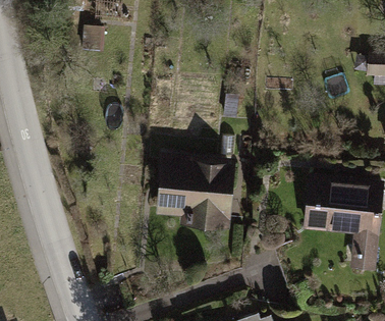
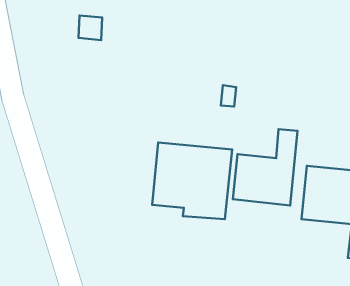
building: none -> [233,129,298,205]

